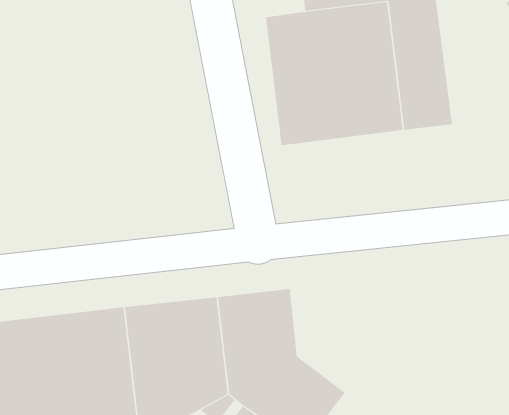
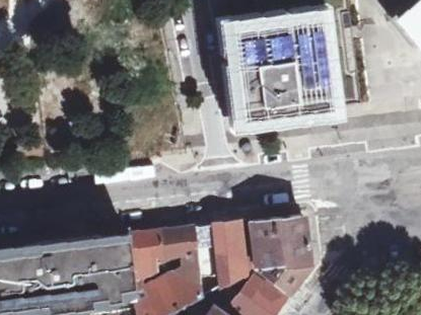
building: none -> [248,215,309,296]

